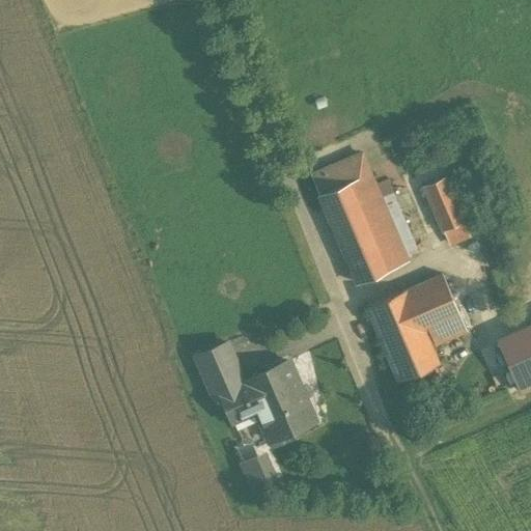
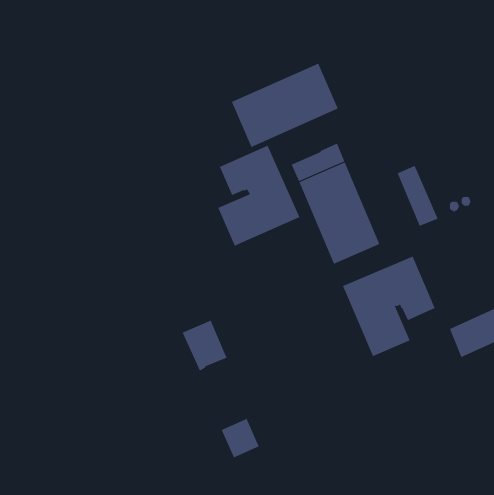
building: none -> [231,63,338,148]
building: none -> [218,145,300,247]
building: [223,362,316,438] -> none

